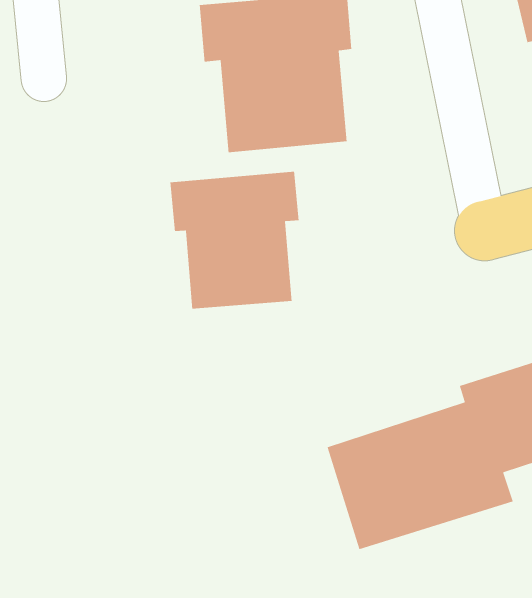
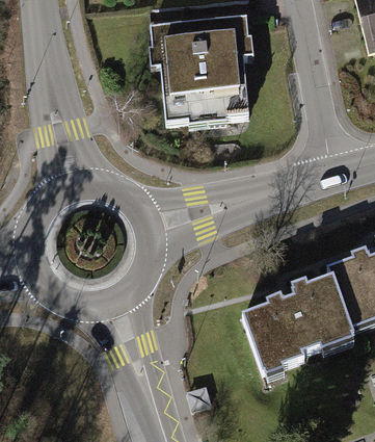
building: [169,171,299,309] -> none

